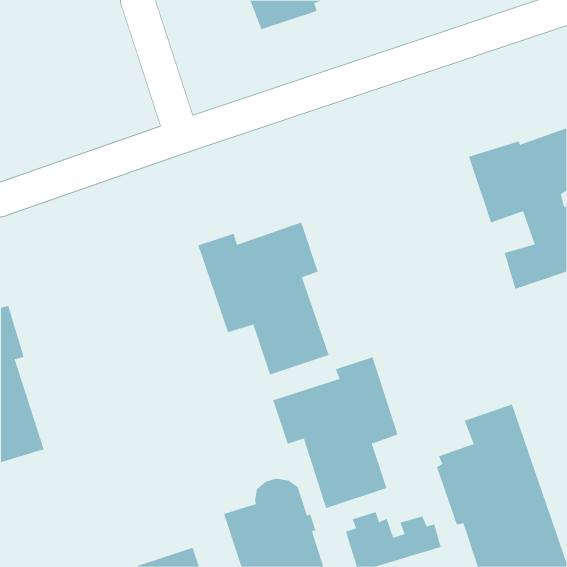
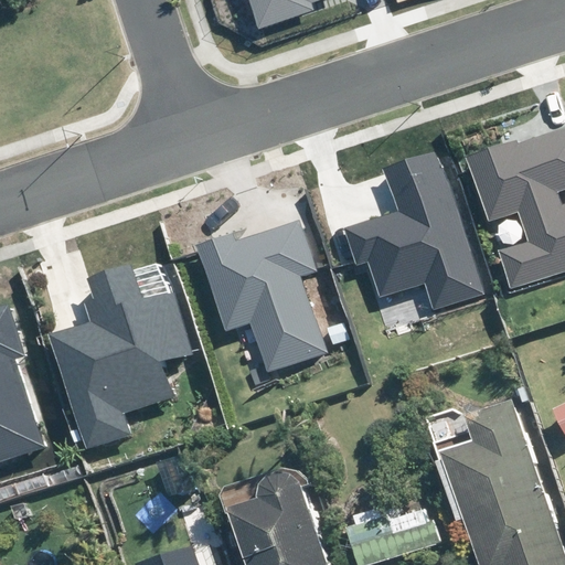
building: none -> [342,150,490,311]
building: none -> [51,265,198,449]
building: [273,356,398,509] -> none

